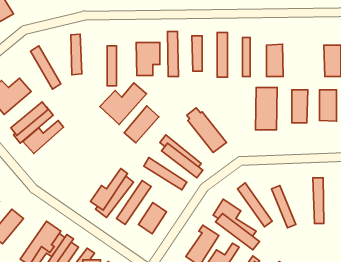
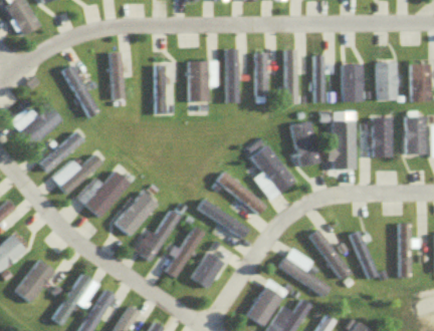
building: none -> [377,62,398,100]
building: [100,83,146,124] -> [76,169,132,218]
building: none -> [290,120,319,167]
building: [124,106,159,143] -> [116,191,157,235]

